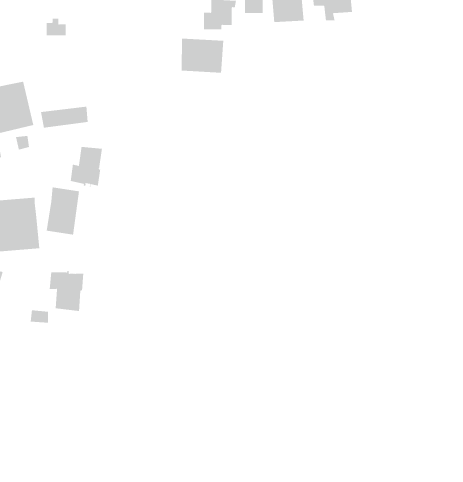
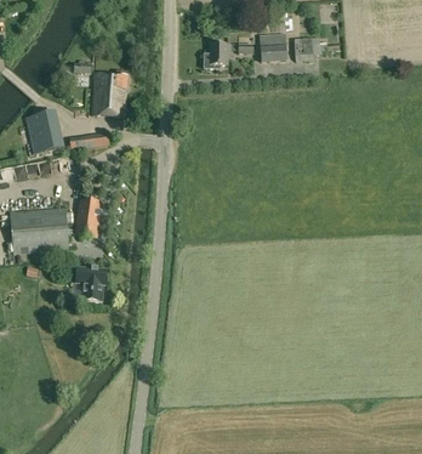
building: none -> [92,73,126,117]
building: [181,38,224,73] -> none
building: [70,146,102,188] -> none

